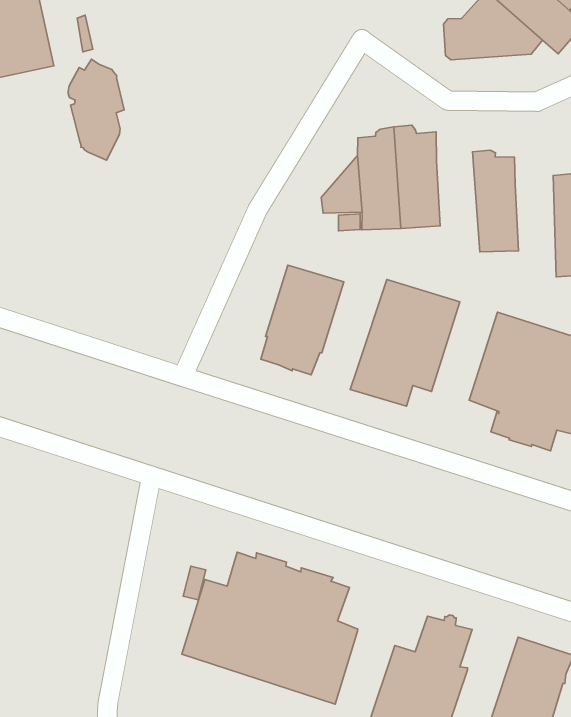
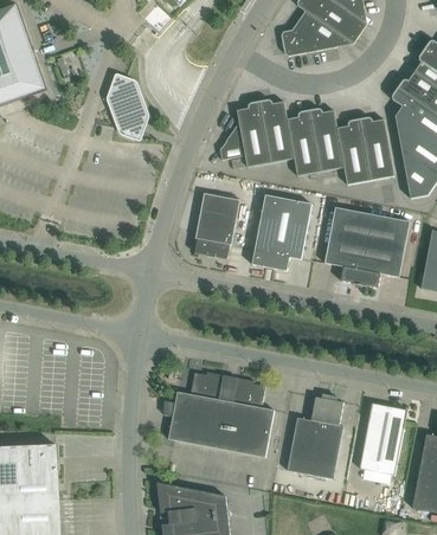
building: [68,59,124,160] -> [107,78,142,138]
building: none -> [287,110,320,175]
building: none -> [336,118,368,183]

